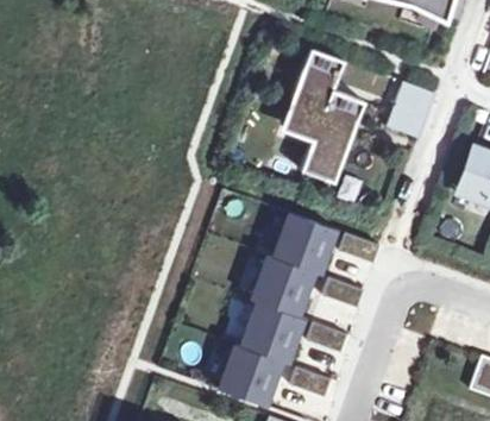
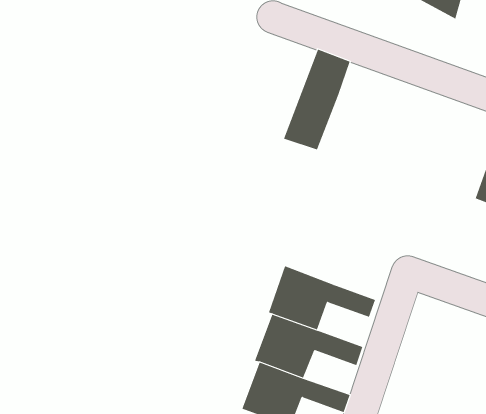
building: [384,81,432,137] -> none
building: [299,92,364,187] -> none
building: [278,208,381,270] -> none

